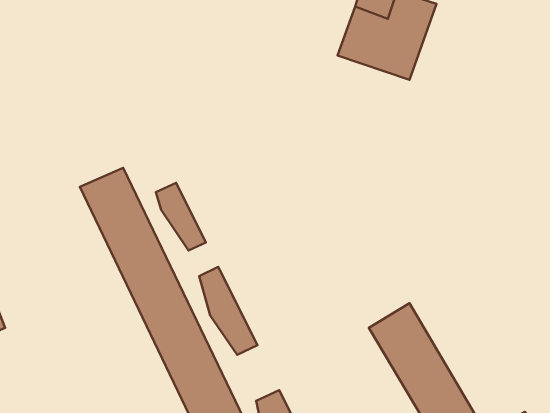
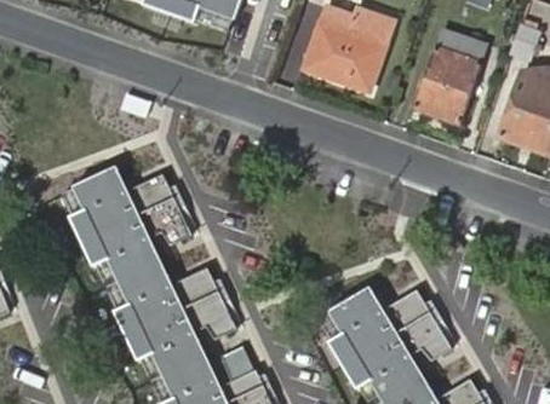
building: none -> [417,33,488,122]
building: none -> [399,294,448,356]

